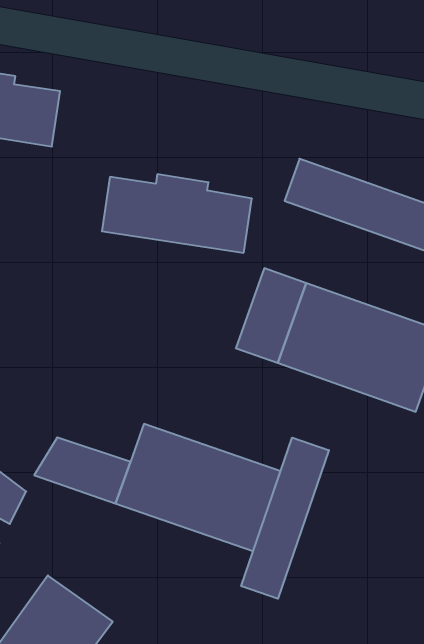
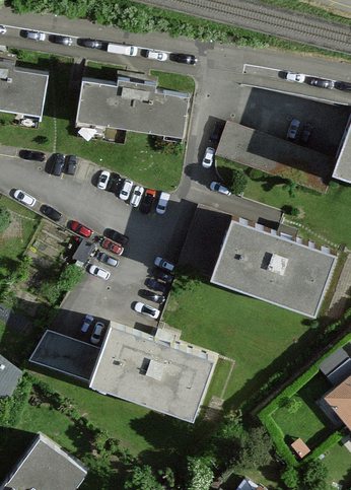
building: [102,174,252,253] -> [76,78,189,137]
building: [241,438,329,599] -> none

